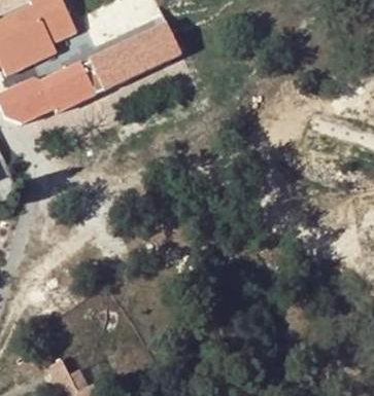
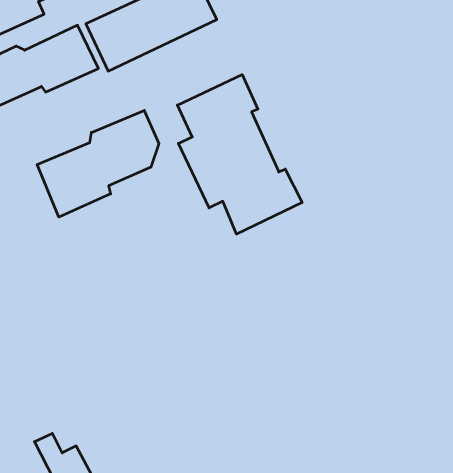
building: none -> [177,75,302,234]
building: none -> [37,110,159,217]

